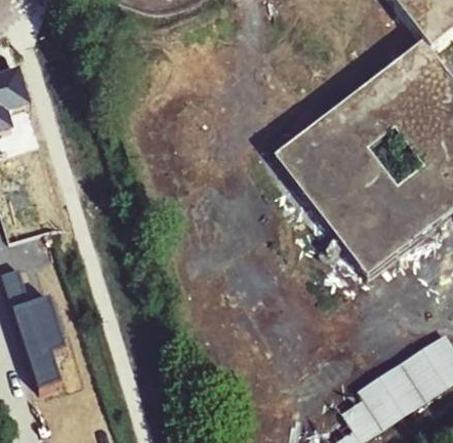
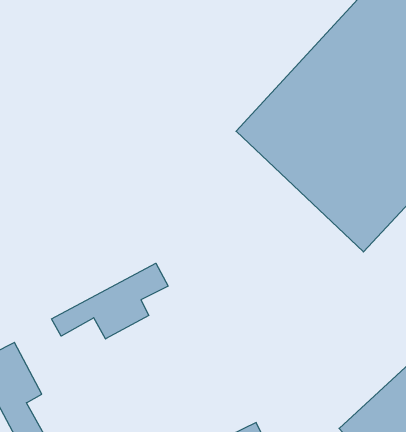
building: none -> [52,263,168,339]

